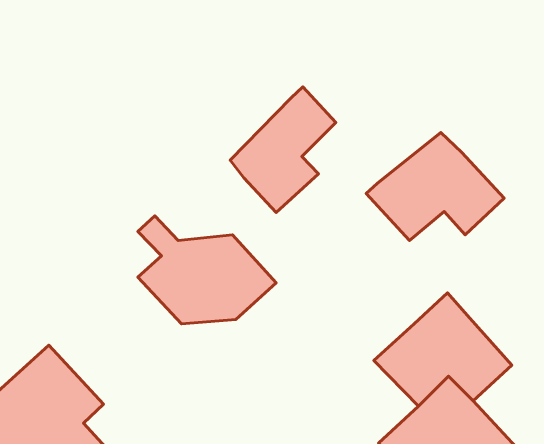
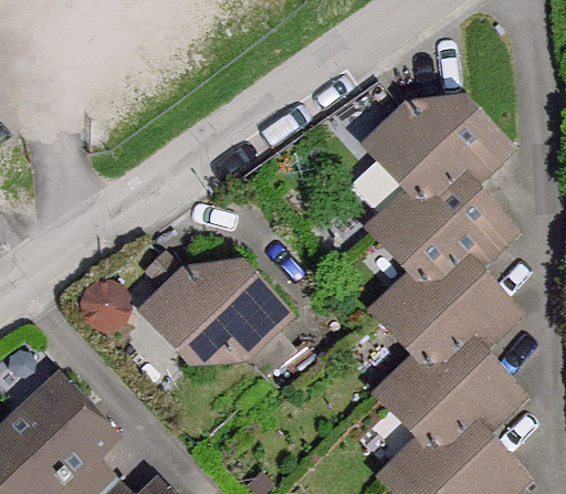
building: none -> [352,105,507,219]
building: [230,87,336,213] -> none
building: none -> [378,246,515,358]

